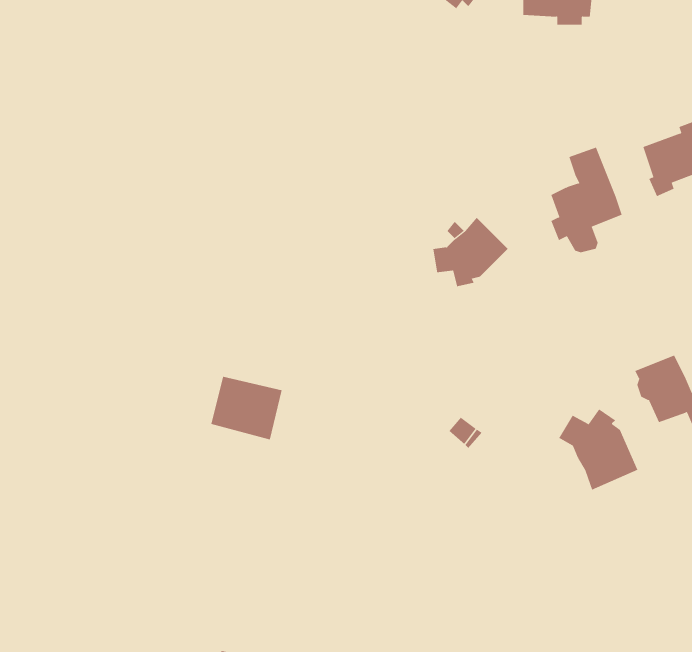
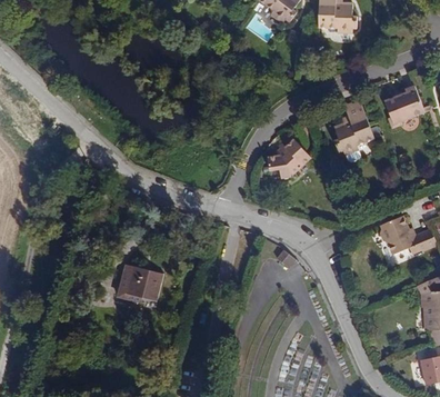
building: [210,376,282,440] -> [123,266,163,301]
building: [559,408,638,490] -> none

